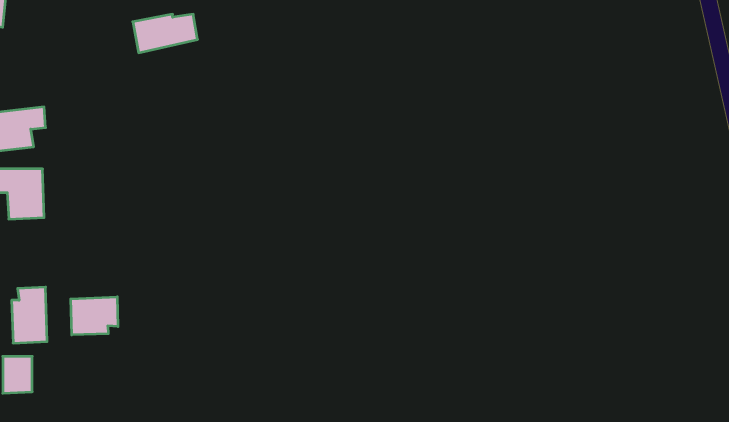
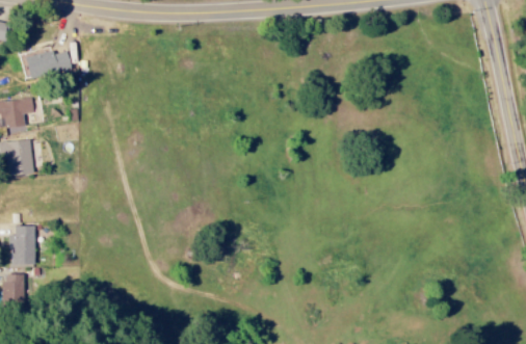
building: [133,14,198,53] -> [25,52,71,79]
building: [71,297,118,335] -> none

